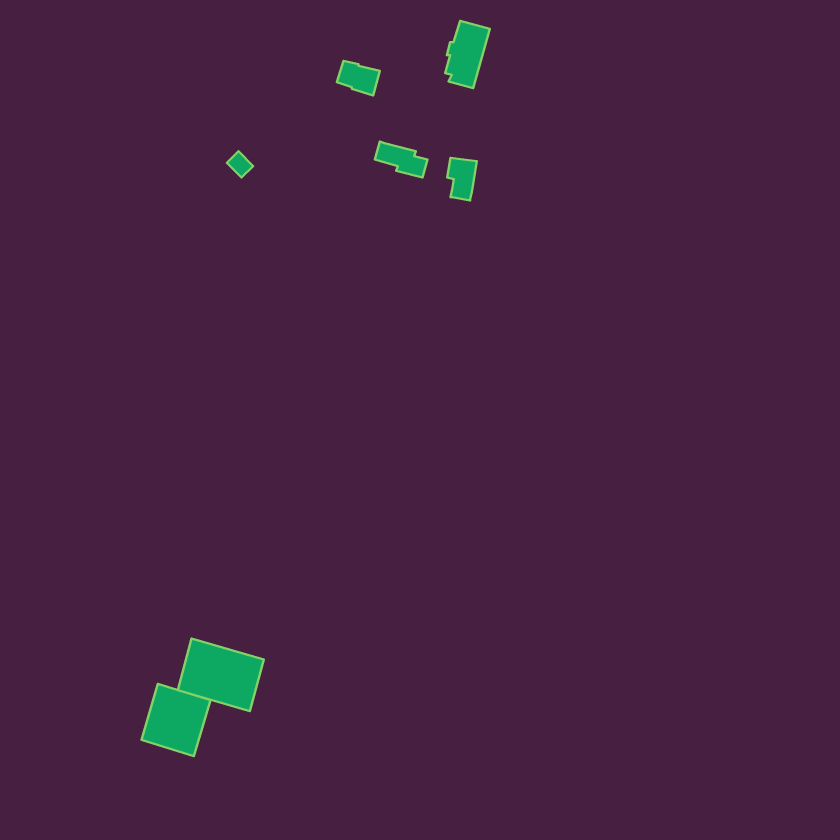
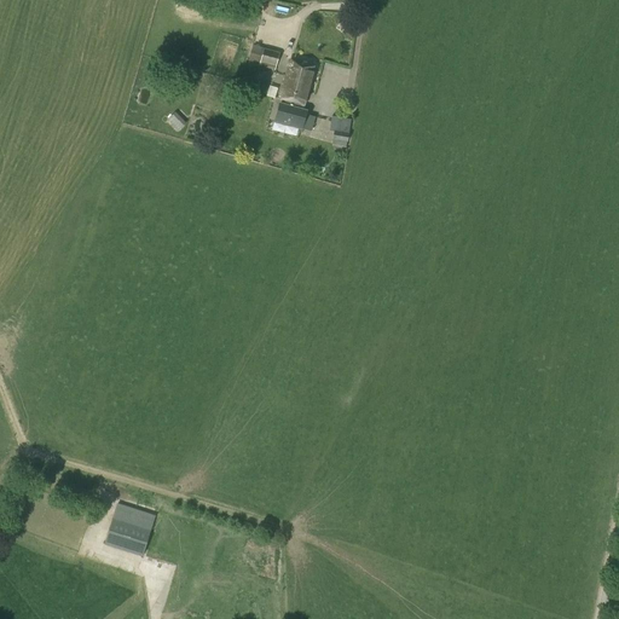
building: [445,21,490,88] -> [280,60,313,110]
building: [178,638,264,711] -> none

